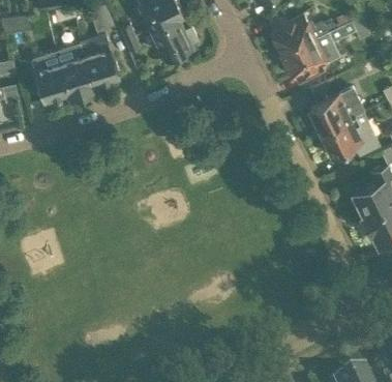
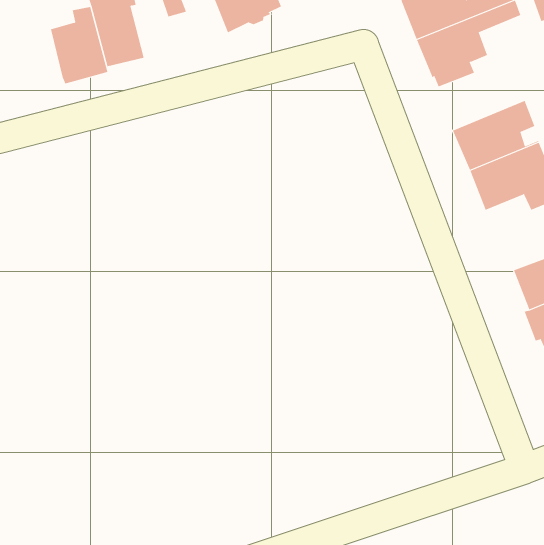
building: [34,52,67,96] -> none

